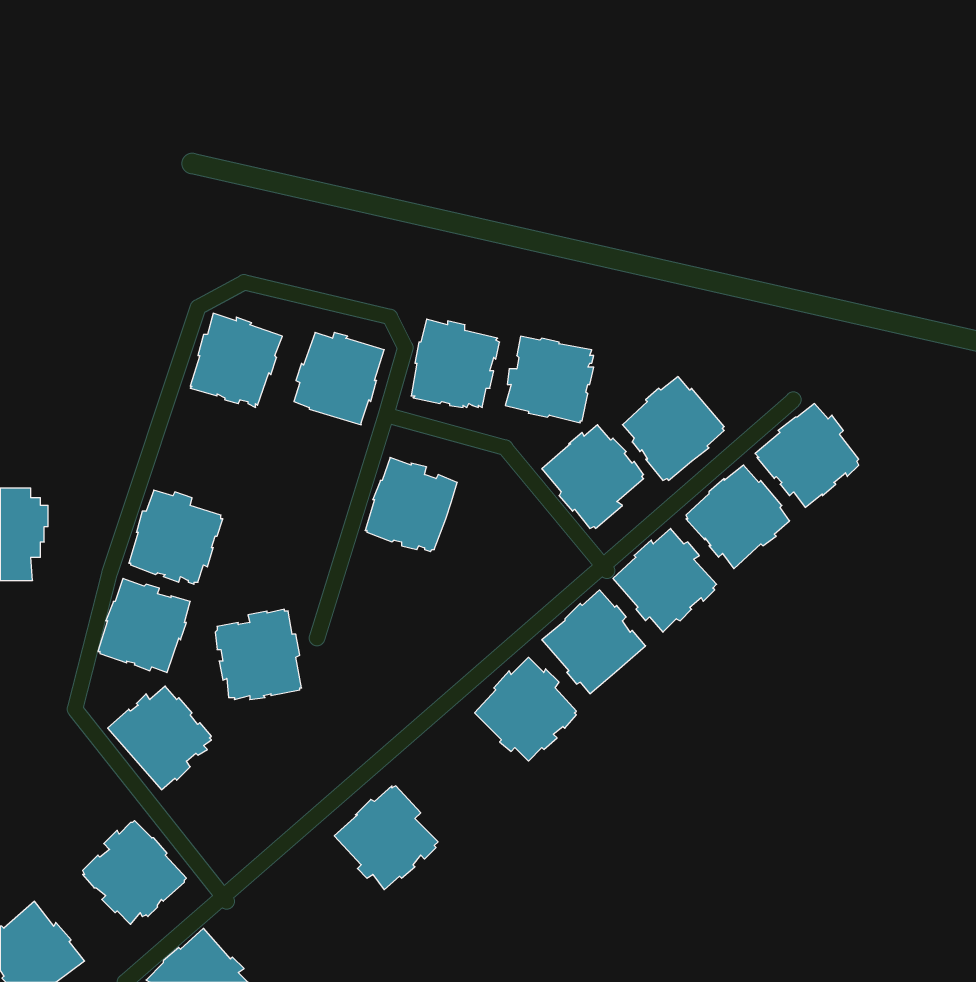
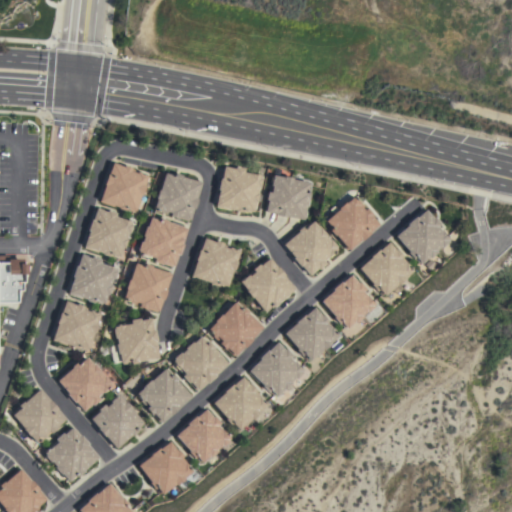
building: none -> [85,208,135,258]
building: none -> [139,217,189,268]
building: none -> [242,258,295,311]
building: none -> [125,263,173,312]
building: none -> [210,302,264,356]
building: none -> [175,336,229,390]
building: none -> [138,369,192,422]
building: none -> [214,376,268,430]
building: none -> [14,389,67,443]
building: none -> [92,394,145,449]
building: none -> [139,442,193,494]

